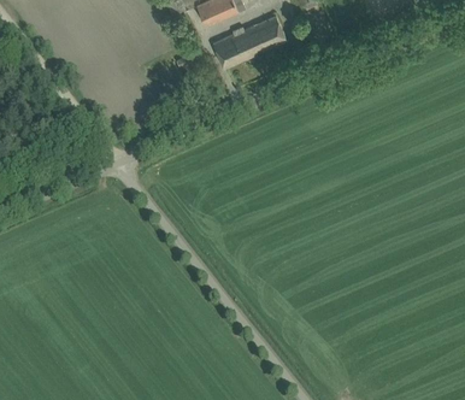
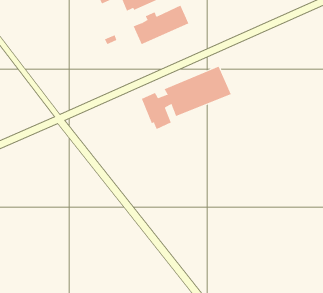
building: none -> [141,66,231,130]

